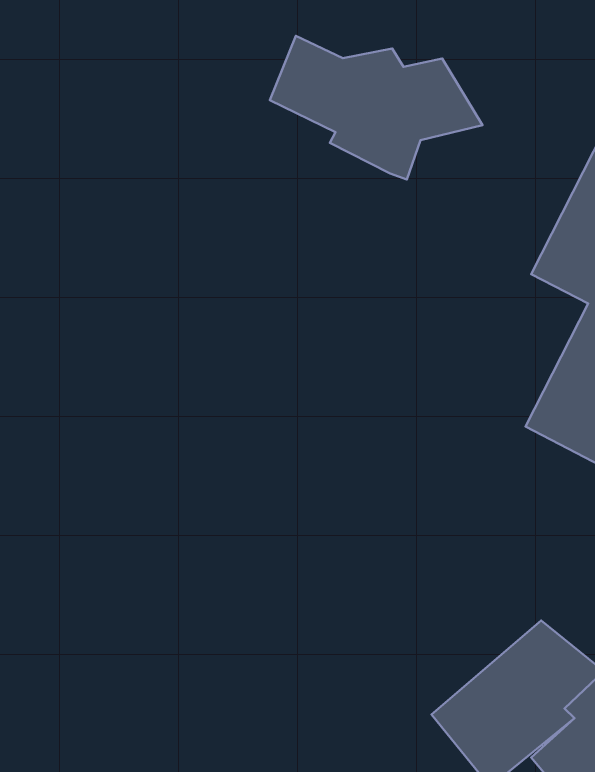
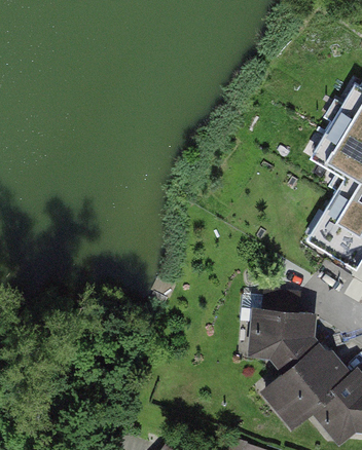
building: [270,36,483,180] -> none
building: none -> [247,287,319,373]

